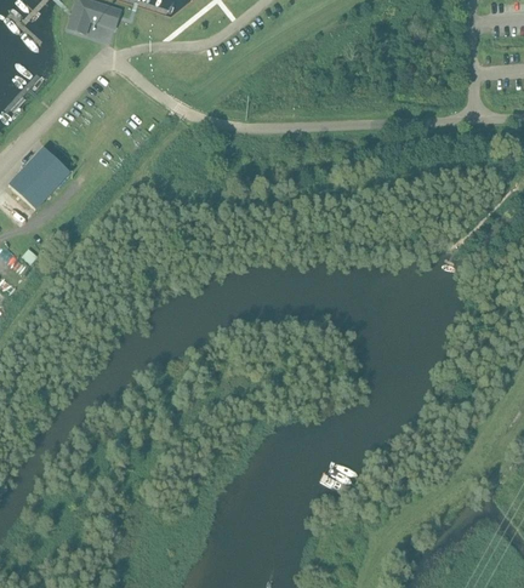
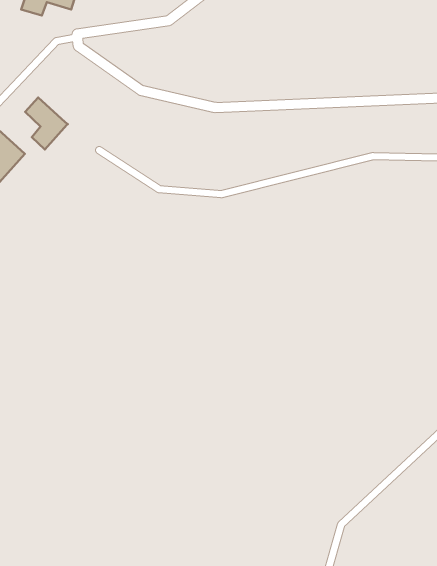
building: none -> [25,98,68,150]

